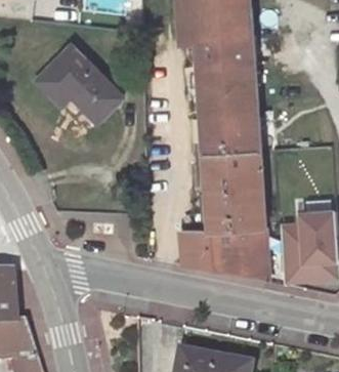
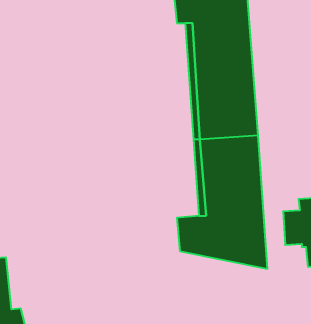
building: [37,44,123,122] -> none

